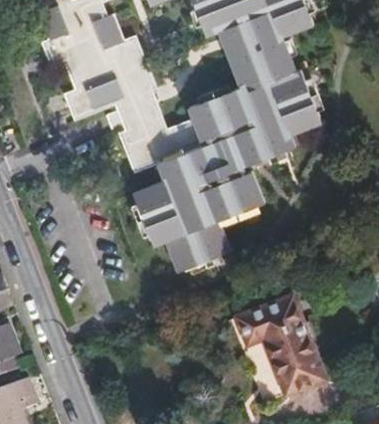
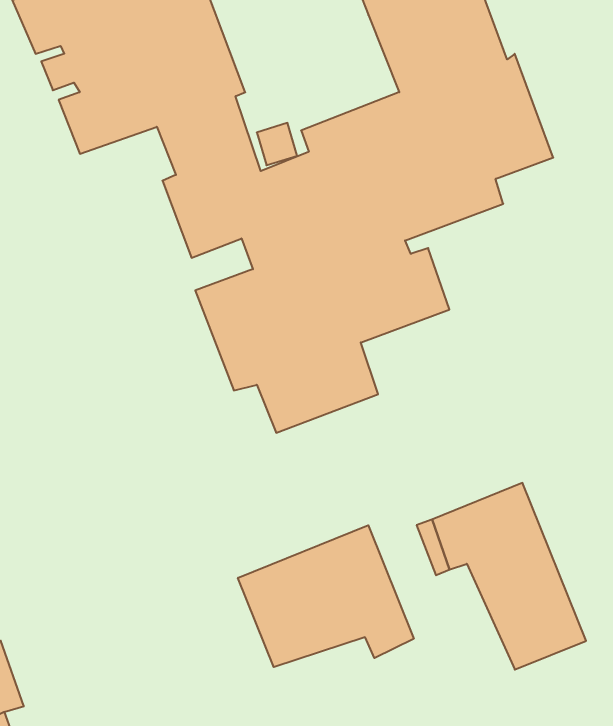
building: none -> [238,525,414,667]

